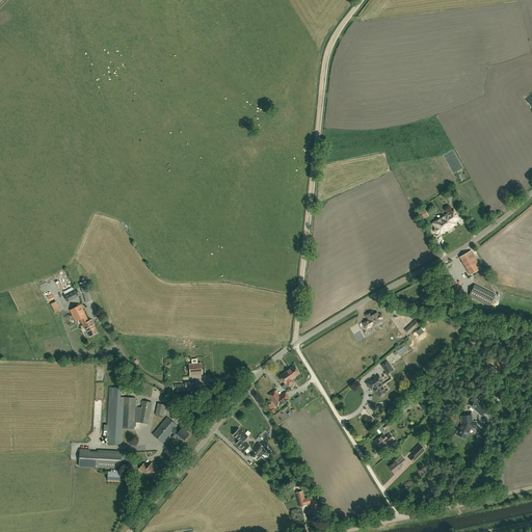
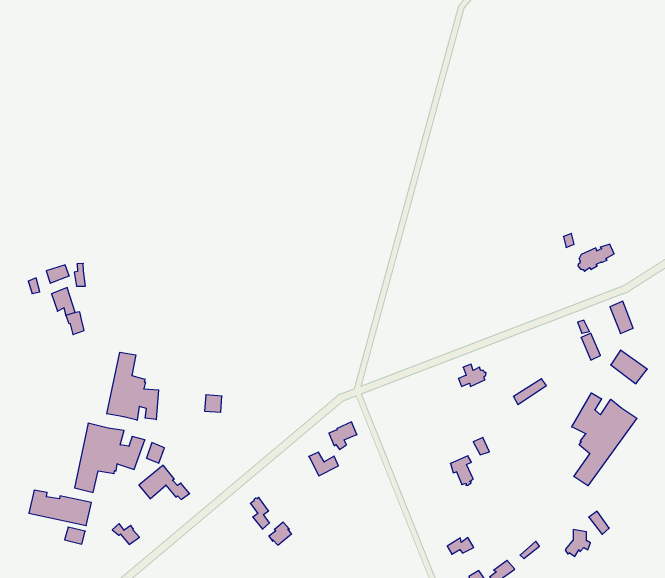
building: none -> [572,393,637,486]
building: none -> [107,352,159,420]

